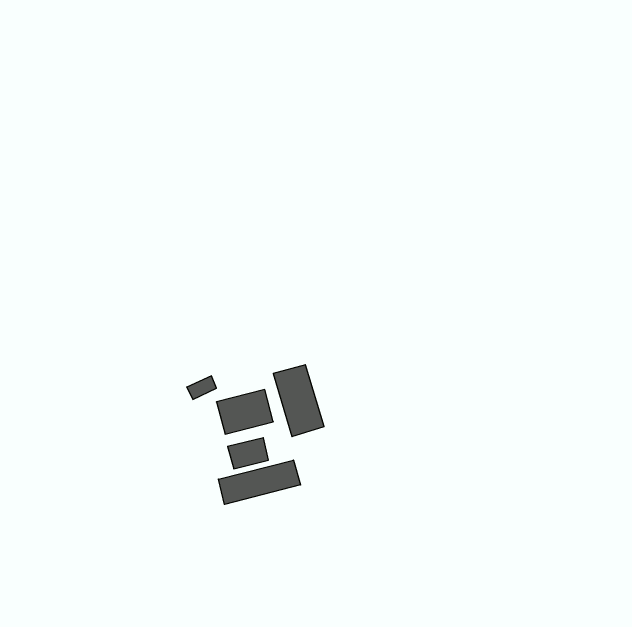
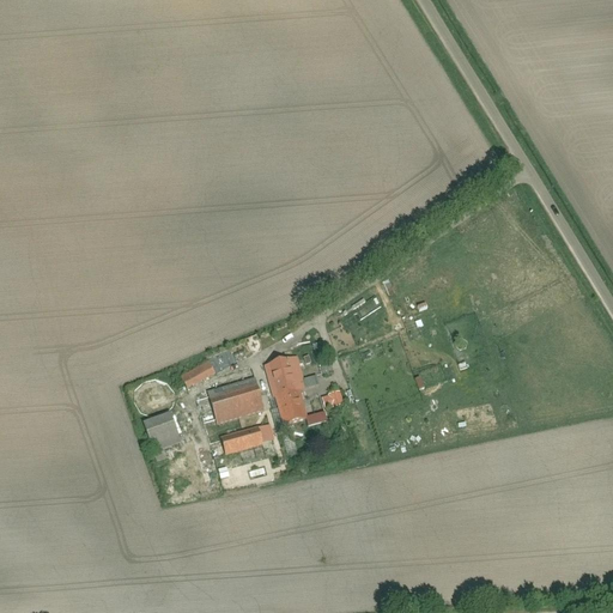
building: none -> [144,414,180,451]
building: [218,460,301,504] -> none

